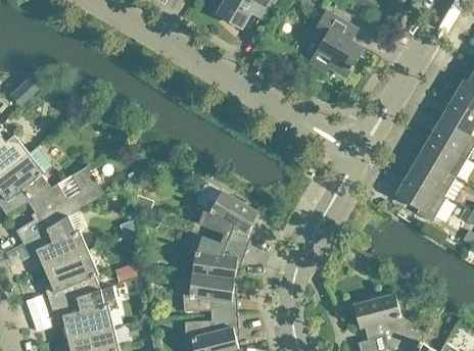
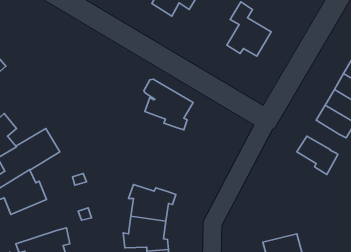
building: [407,155,455,196] -> none
building: [197,184,257,246] -> [144,79,193,130]
building: [44,252,100,306] -> none

